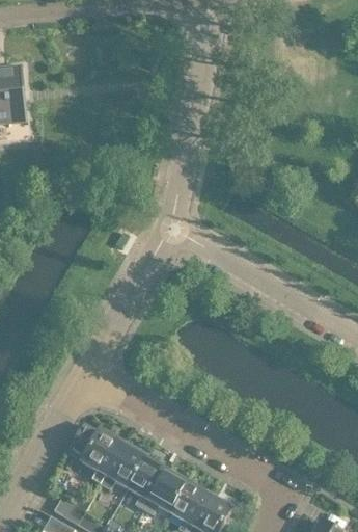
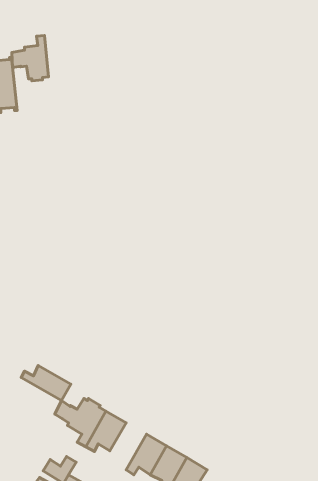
building: none -> [12,36,49,81]
building: none -> [21,366,71,401]
building: [127,457,166,508] -> none

